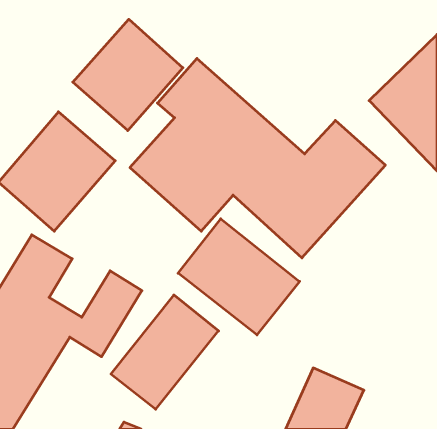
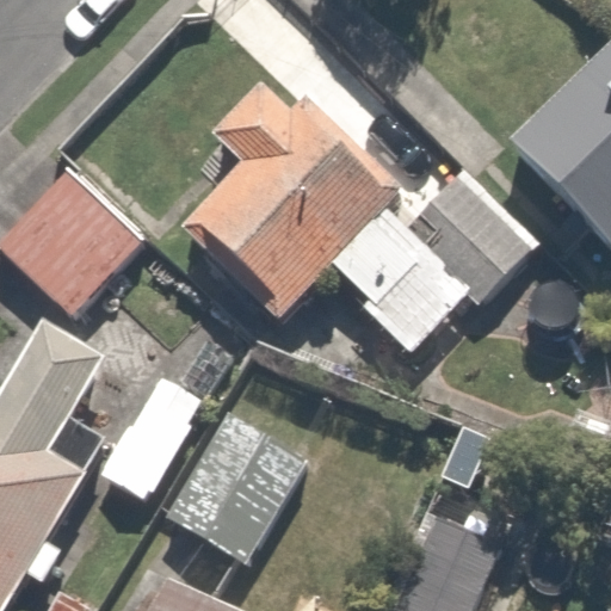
building: [73,19,183,131] -> none
building: [178,219,300,335] -> none

